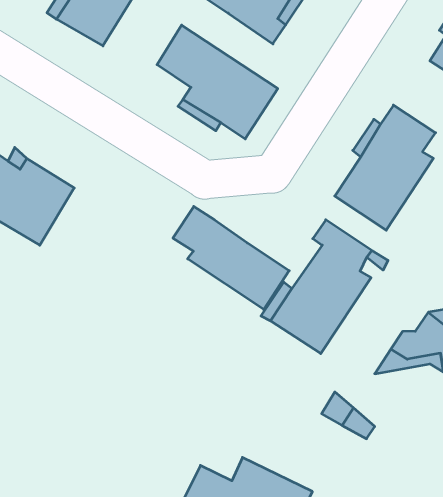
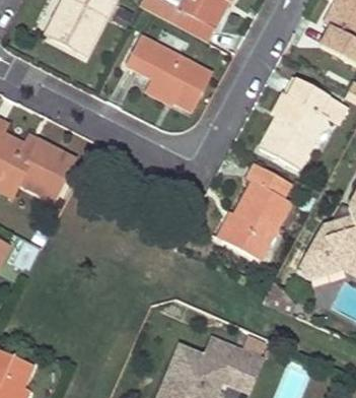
building: [173,206,289,310] -> none

